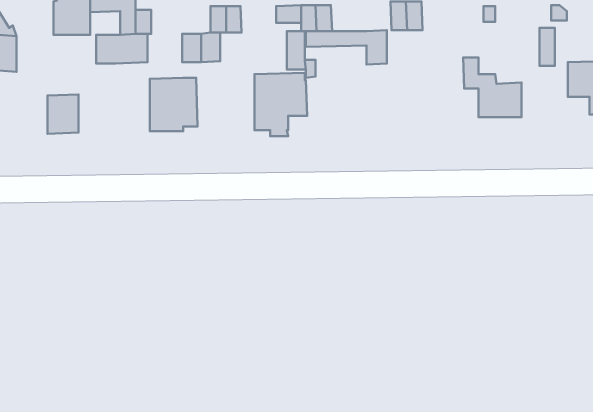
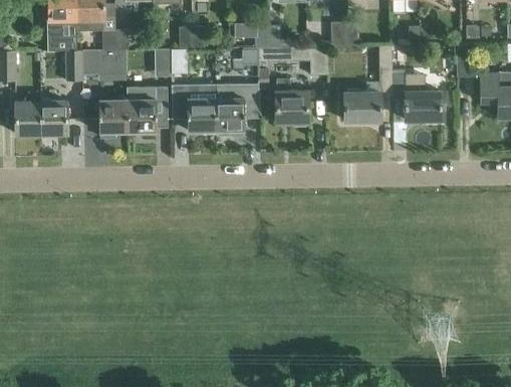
building: none -> [344,45,393,121]
building: none -> [66,50,82,80]
building: none -> [276,79,308,127]
building: none -> [171,83,216,131]
building: none -> [99,99,127,138]
building: none -> [15,102,41,134]

